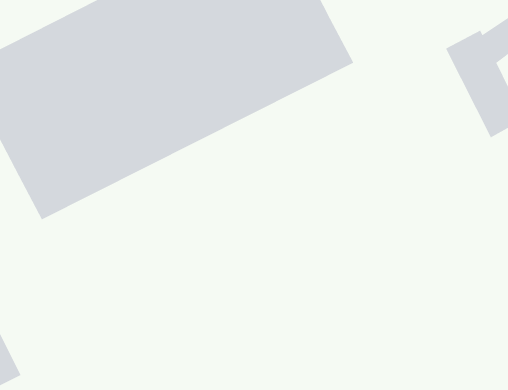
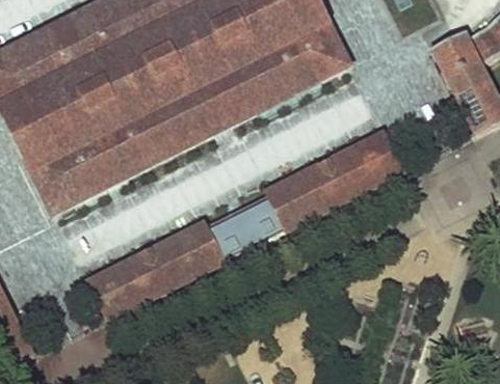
building: none -> [90,134,401,317]

